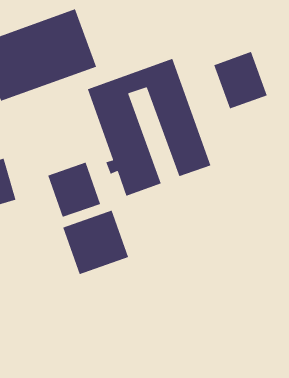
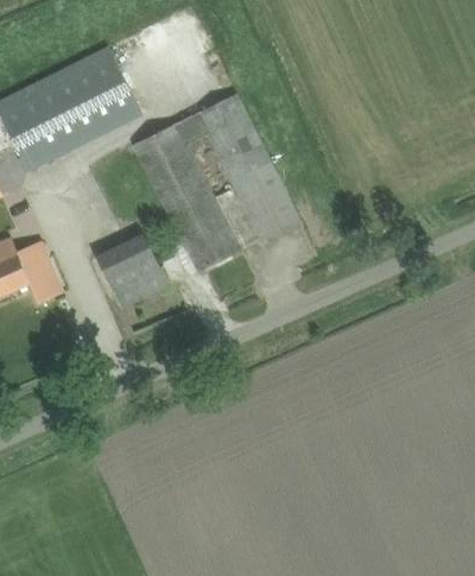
building: [213,51,268,110] -> none
building: [62,209,129,275] -> none

